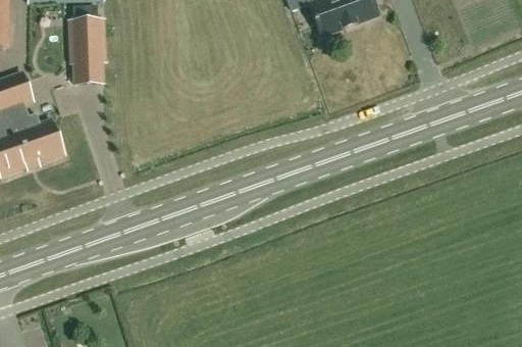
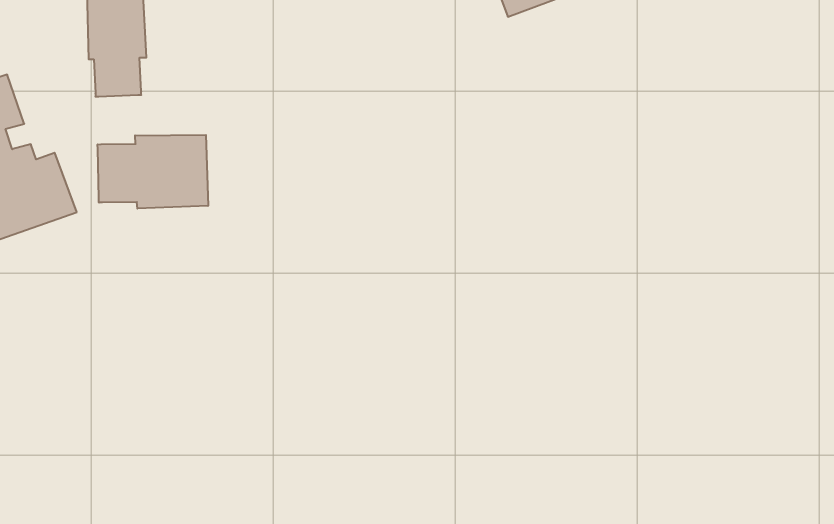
building: none -> [98,135,208,209]

